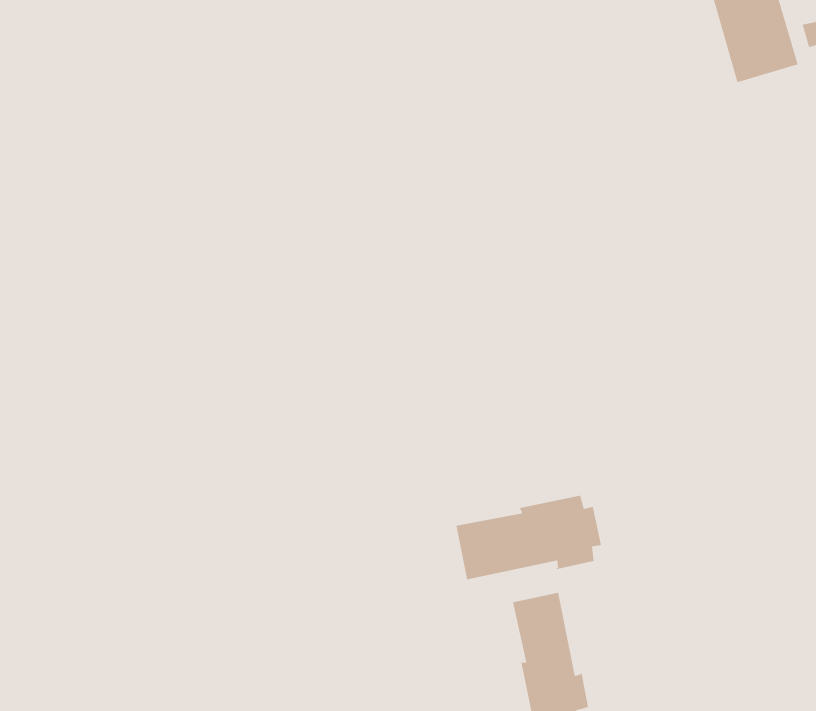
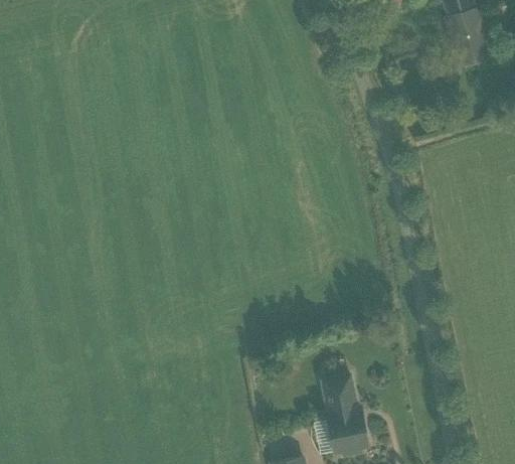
building: [456,495,601,580] -> none

